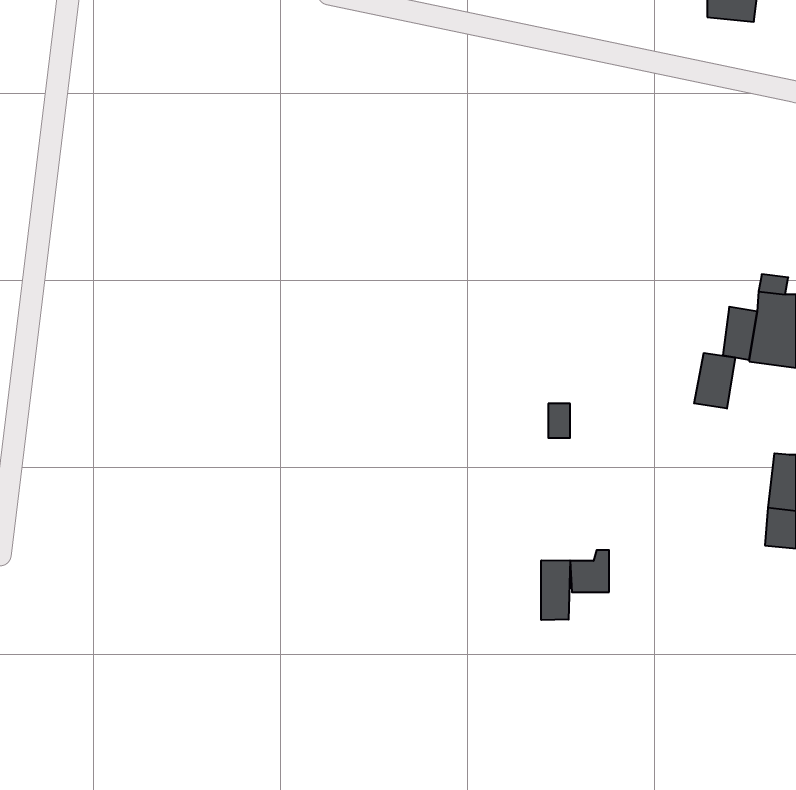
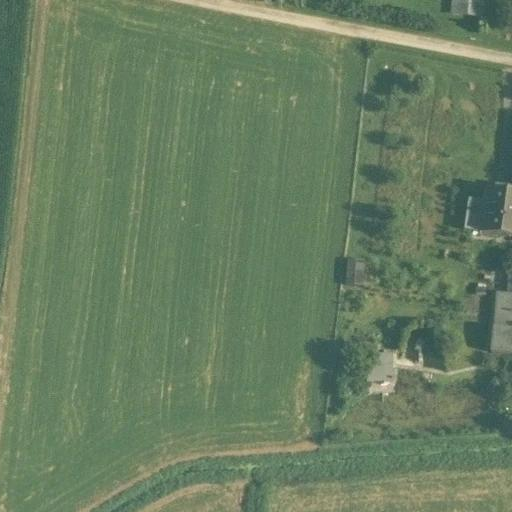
building: [694,353,735,409] -> none
building: [541,560,570,620] -> none

